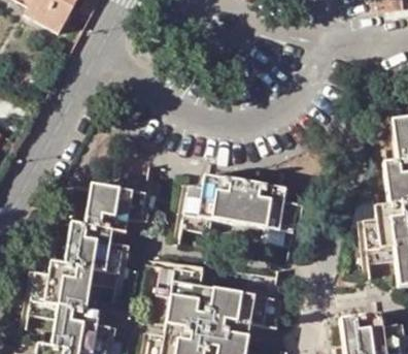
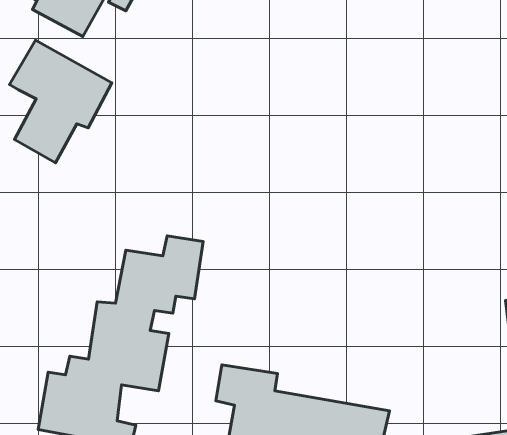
building: none -> [10,40,112,163]
building: [181,178,295,247] -> none

